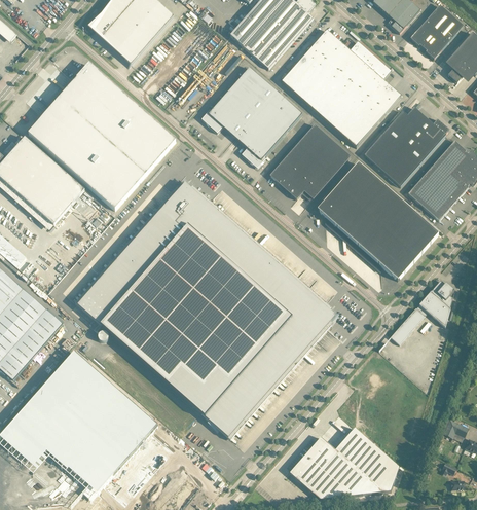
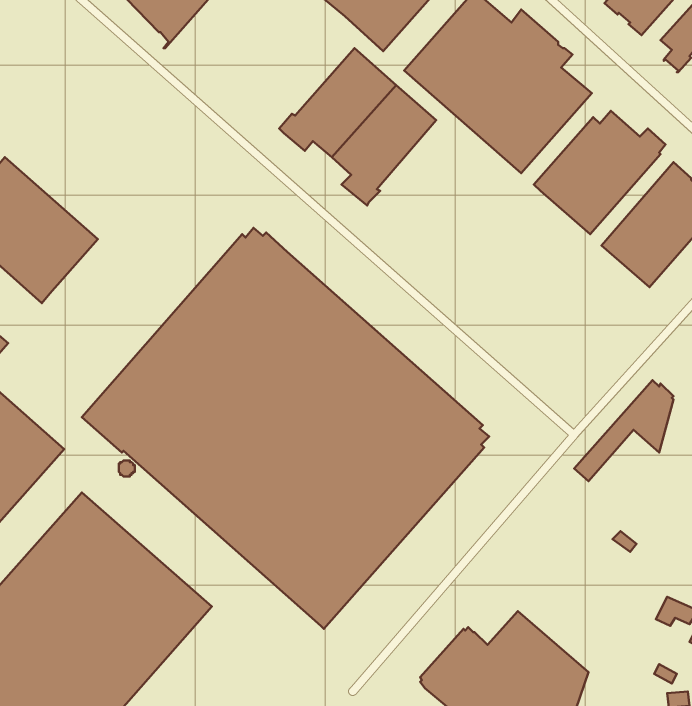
building: [28,63,175,209] -> none
building: [269,123,350,197] -> none
building: [317,161,438,279] -> none

